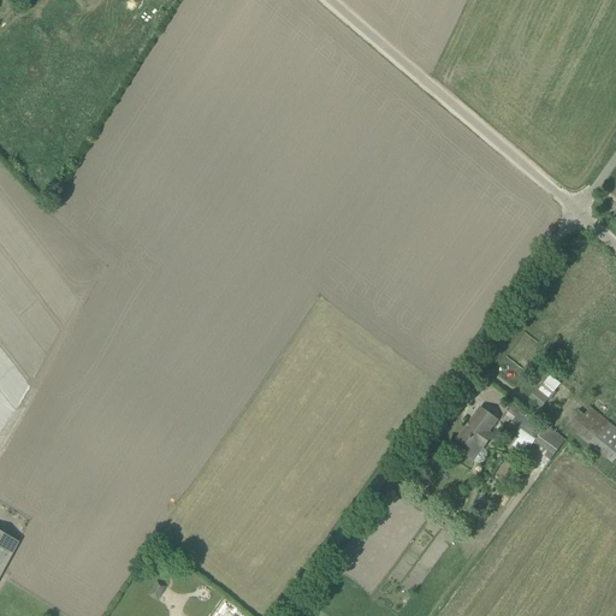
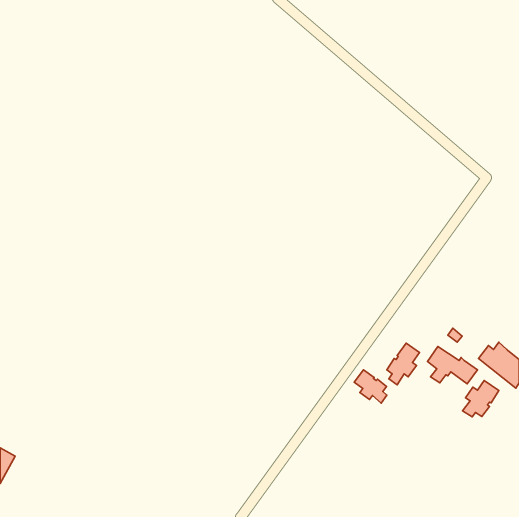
building: none -> [354,370,387,403]
building: none -> [463,380,499,417]

